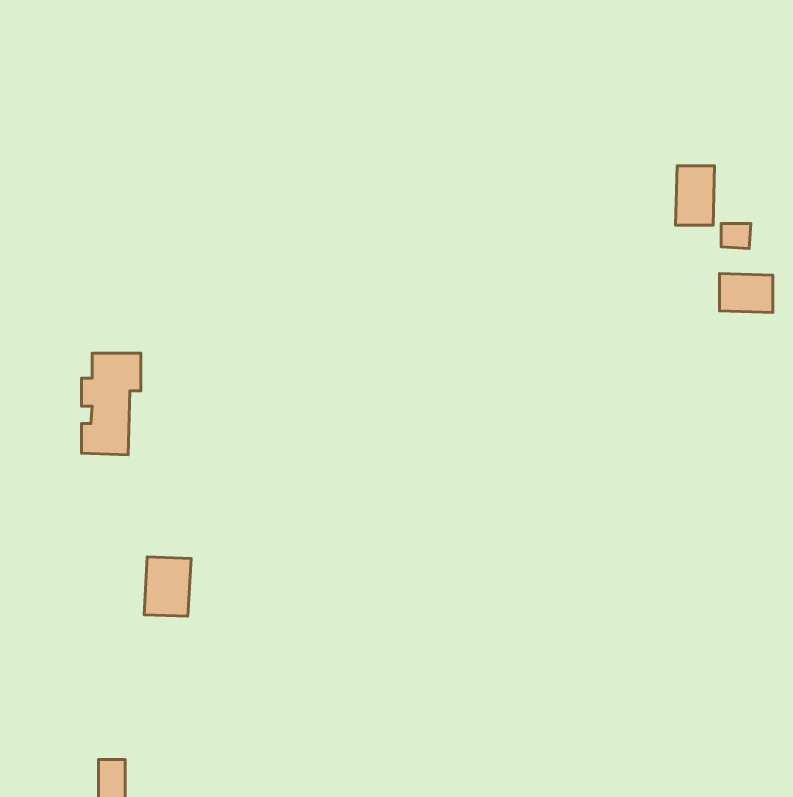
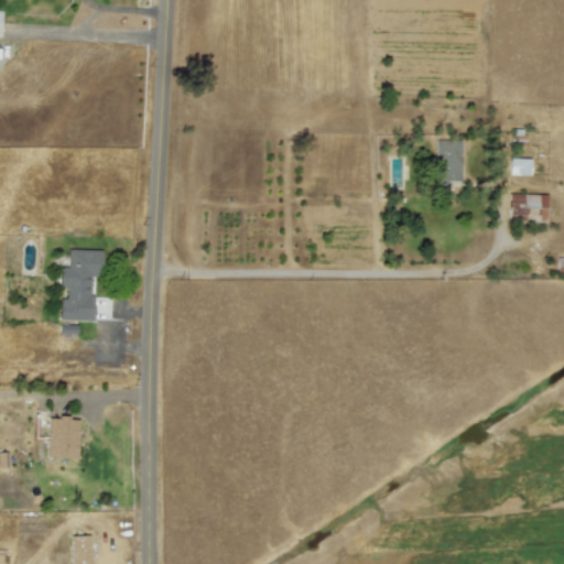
building: [676,166,715,225] -> [437,141,465,183]
building: [144,557,191,616] -> [48,417,82,459]

